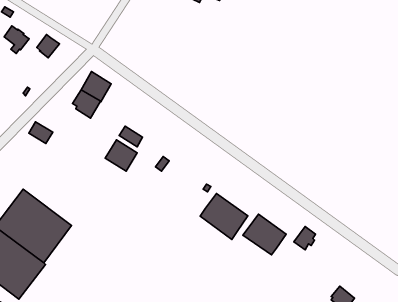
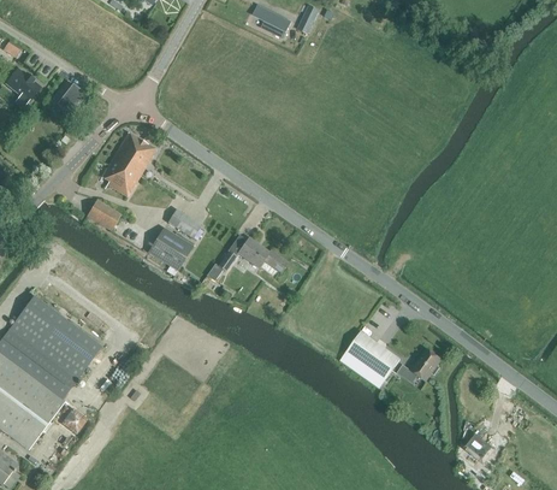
building: [29,122,53,143] -> [87,200,120,230]
building: none -> [238,237,288,272]
building: [200,193,248,239] -> none

